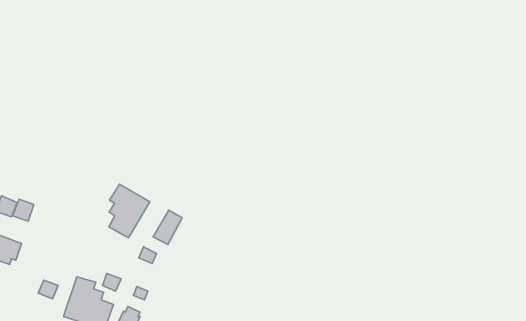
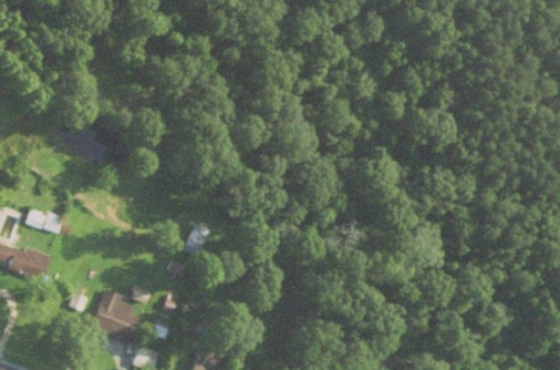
building: [109,184,150,238] -> none

